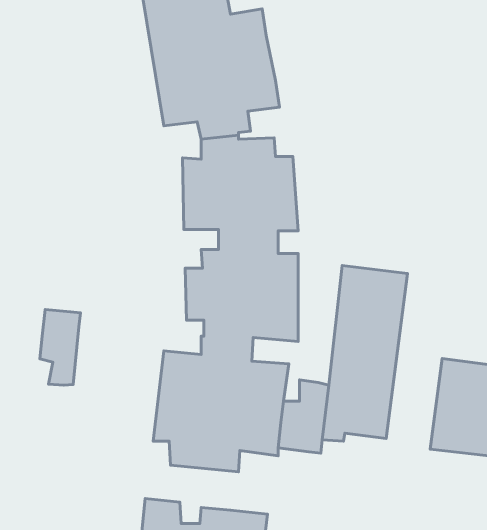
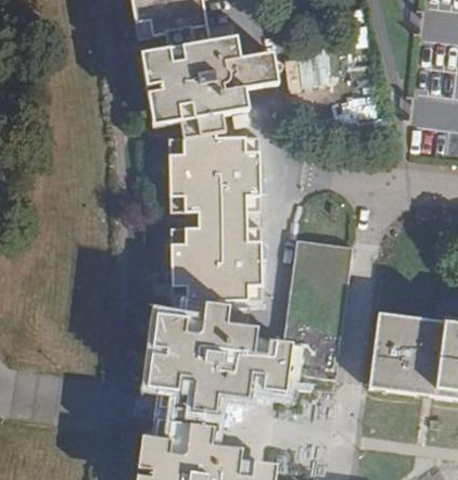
building: none -> [236,47,275,88]
building: [40,310,80,385] -> none
building: none -> [168,404,213,439]

